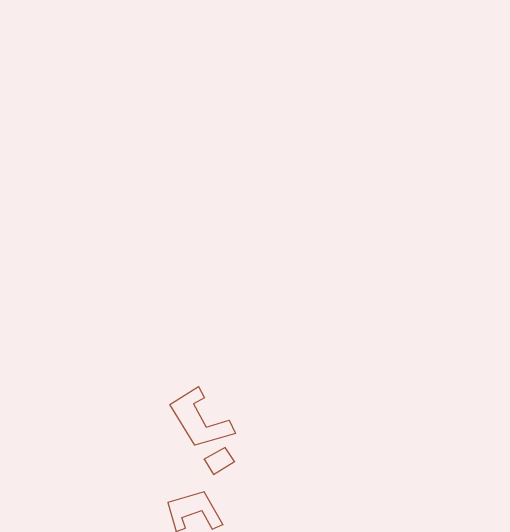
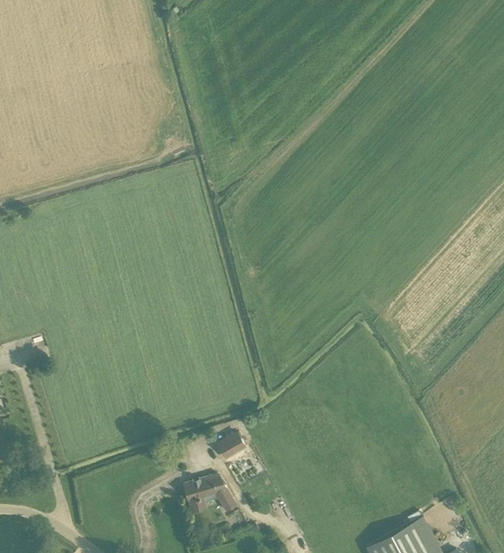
building: [170,387,235,445] -> none

